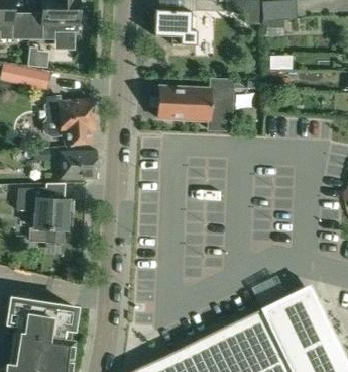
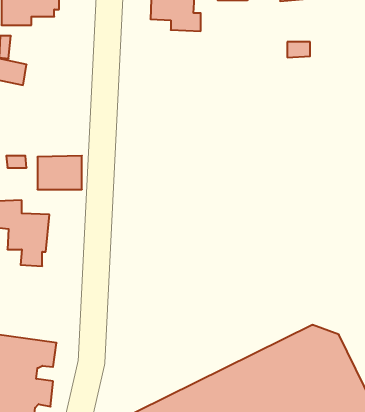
building: [151,79,235,130] -> none
building: [46,97,96,145] -> none

